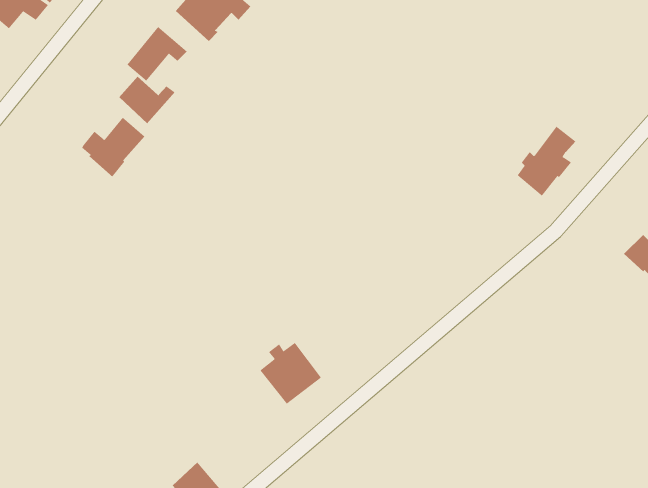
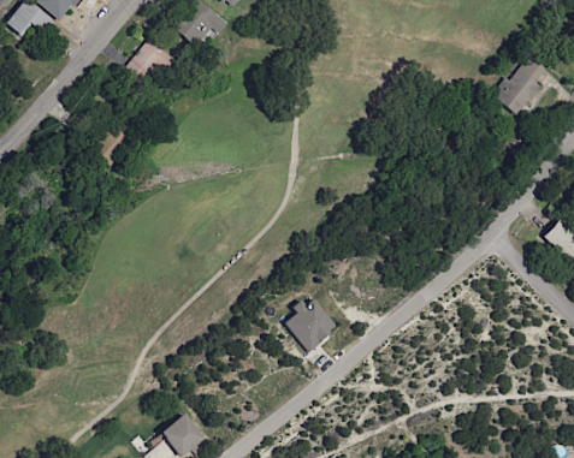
building: [119,76,176,124] -> none
building: [517,126,576,196] -> [497,54,548,114]
building: [260,342,322,404] -> [285,297,338,350]

